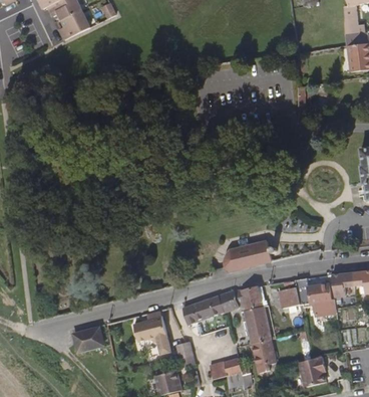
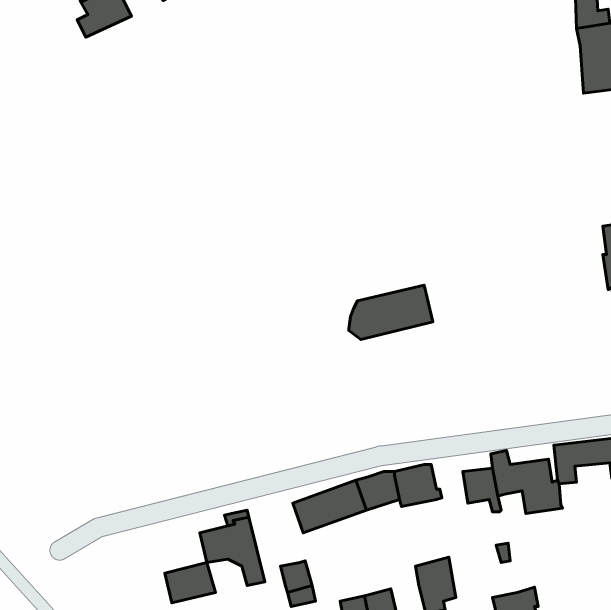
building: [223,241,271,272] -> [349,285,433,339]
building: [244,306,271,344] -> none
building: [73,328,102,351] -> [165,563,216,603]

